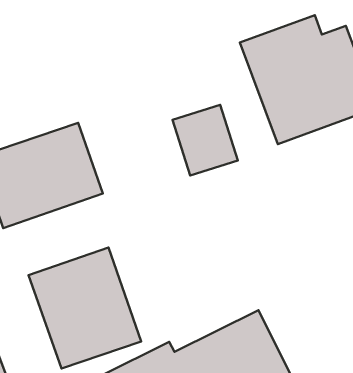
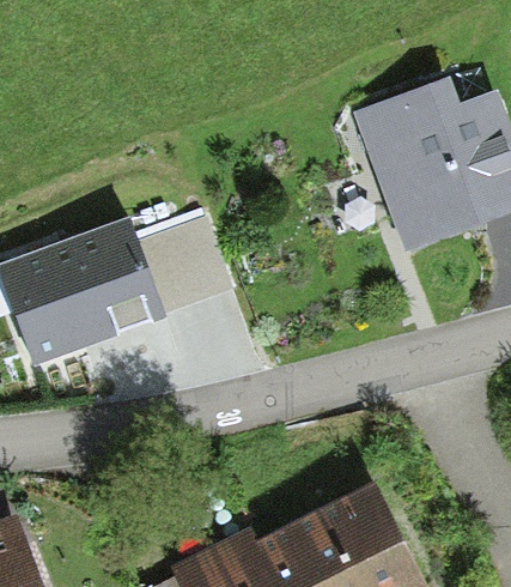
building: [172,105,238,176] -> [151,214,239,310]
building: [28,247,141,369] -> none

